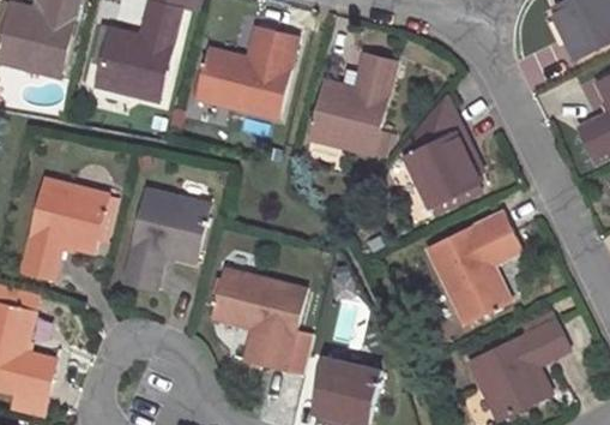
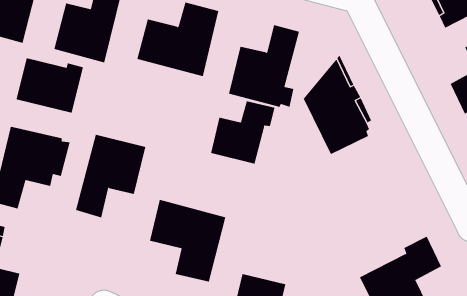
building: none -> [16,57,84,114]
building: none -> [211,100,275,165]
building: [427,211,521,324] -> none

